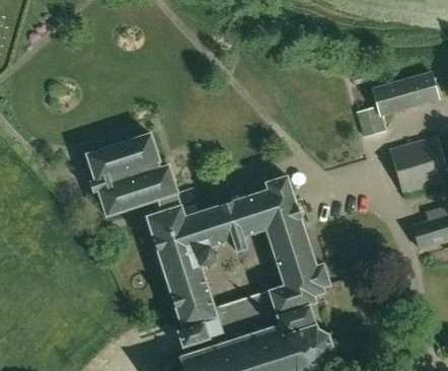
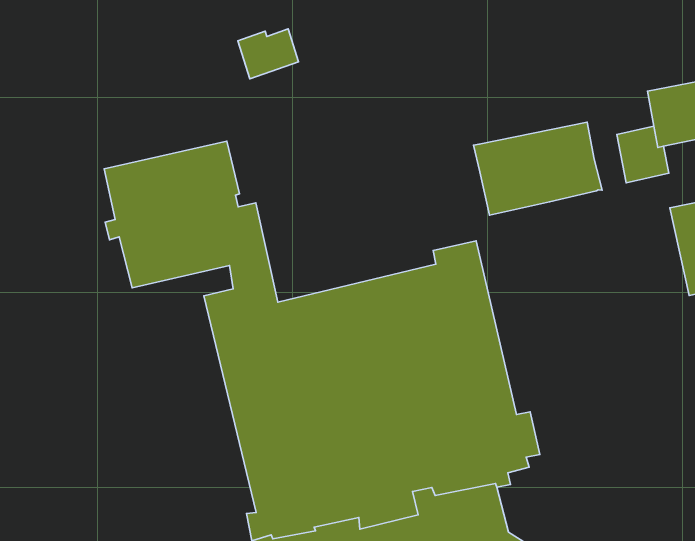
building: none -> [238,29,299,79]
building: none -> [474,122,602,215]

